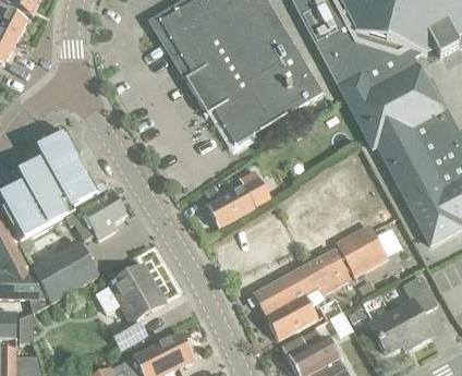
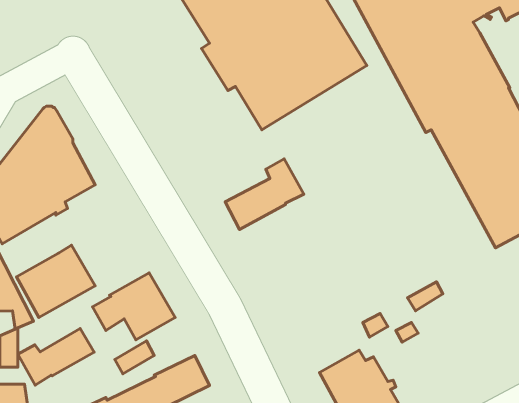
building: [64,193,123,238] -> none
building: [338,228,387,275] -> none
building: [255,248,349,339] -> none
building: [370,276,436,351] -> none
building: none -> [18,329,94,385]

